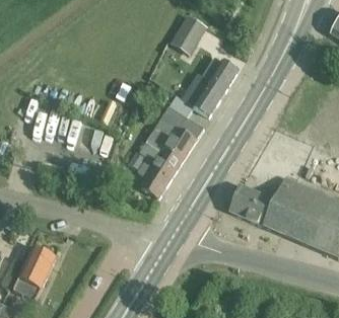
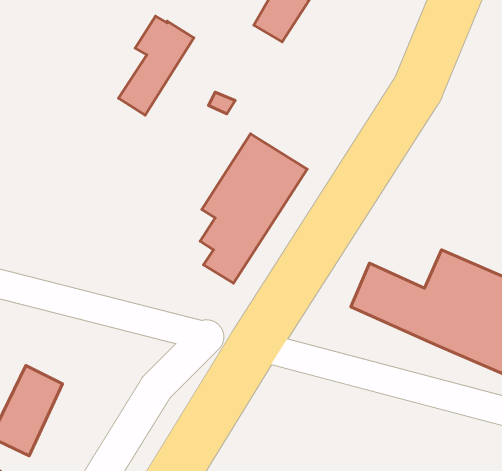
building: [192,57,238,116] -> [118,16,194,115]

